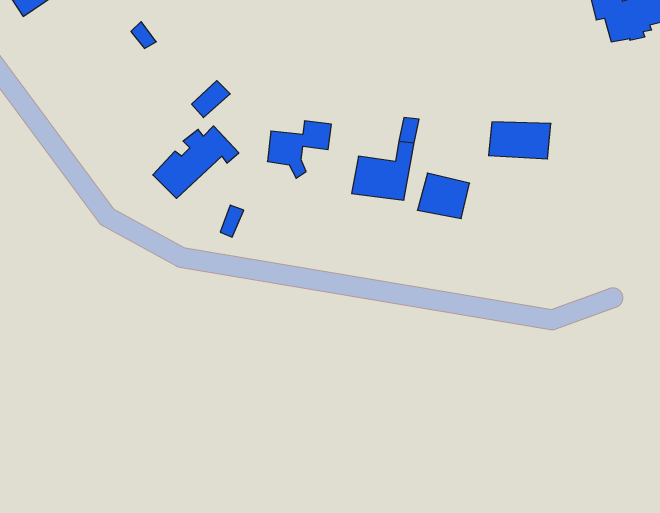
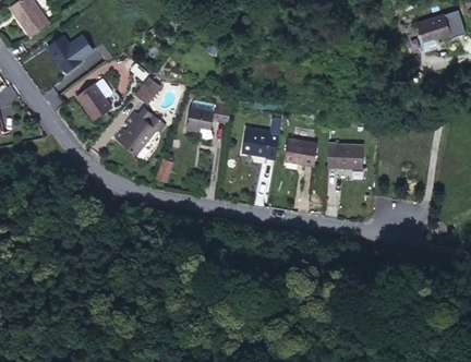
building: none -> [46,36,94,72]
building: none -> [73,80,111,118]
building: [489,122,551,159] -> [326,146,366,170]

